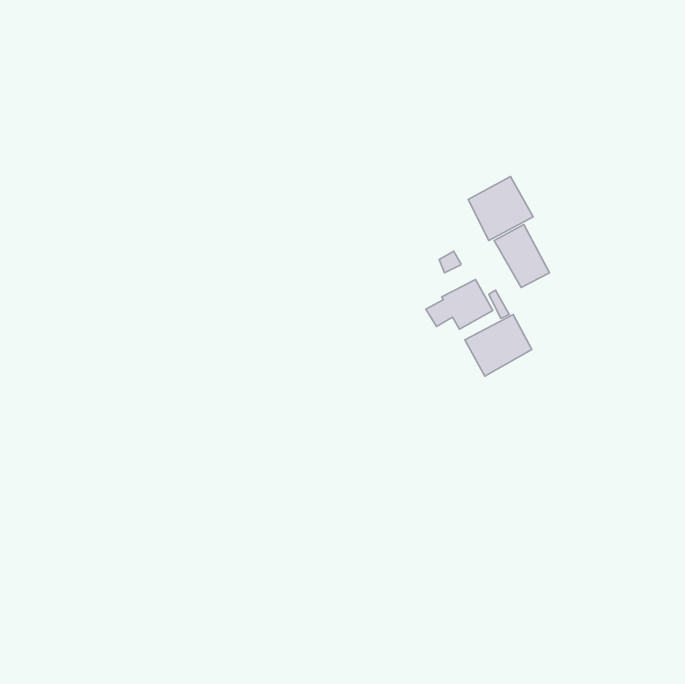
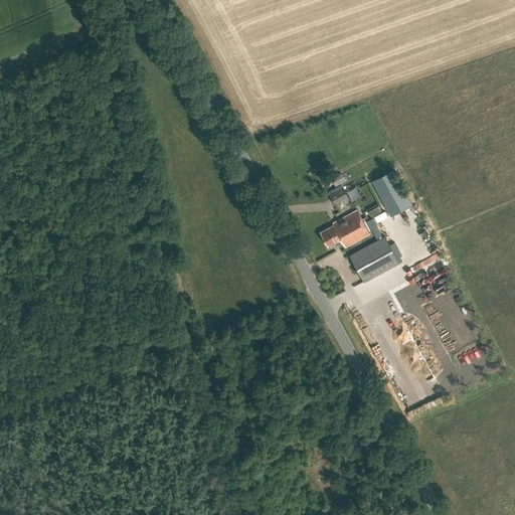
building: [468,177,533,240] -> none

